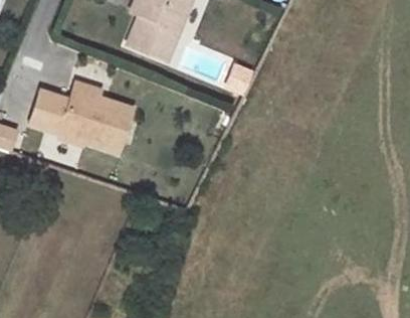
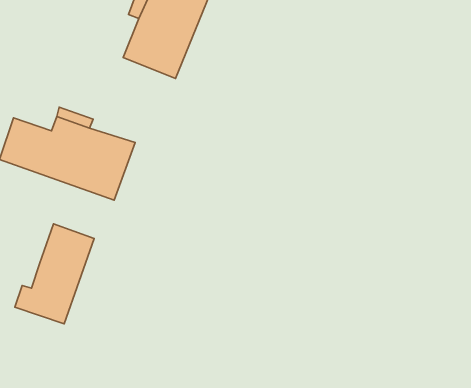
building: none -> [15,224,94,324]

